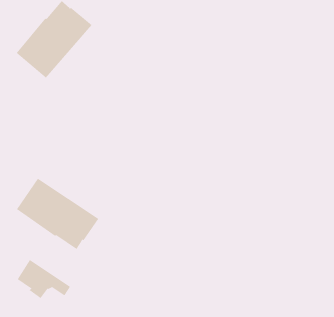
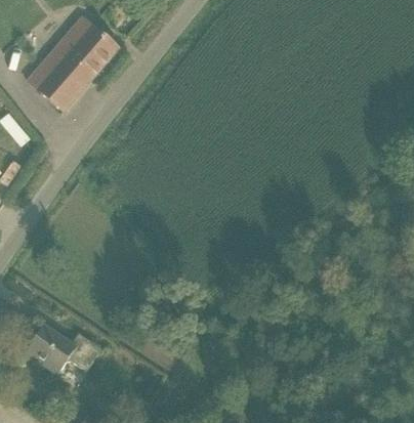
building: [16,178,99,250] -> none

